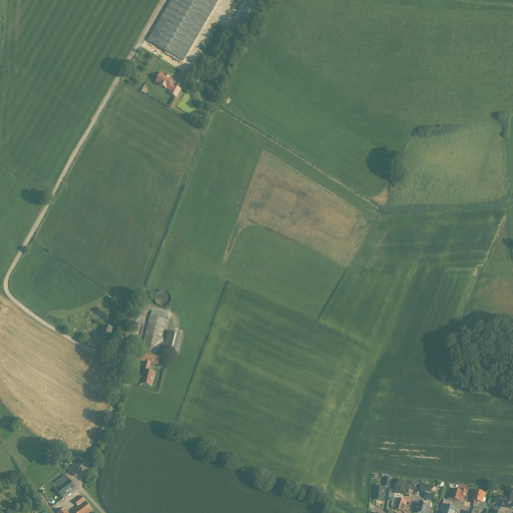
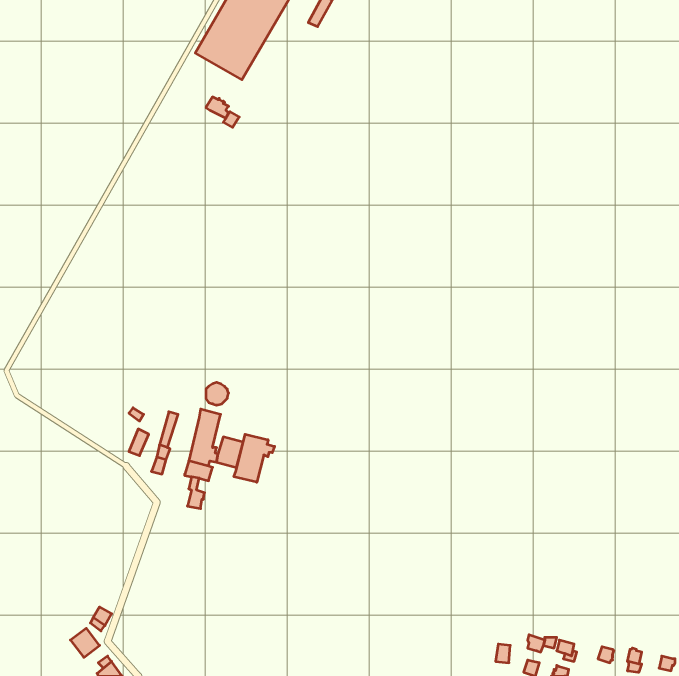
building: none -> [234,434,275,482]

